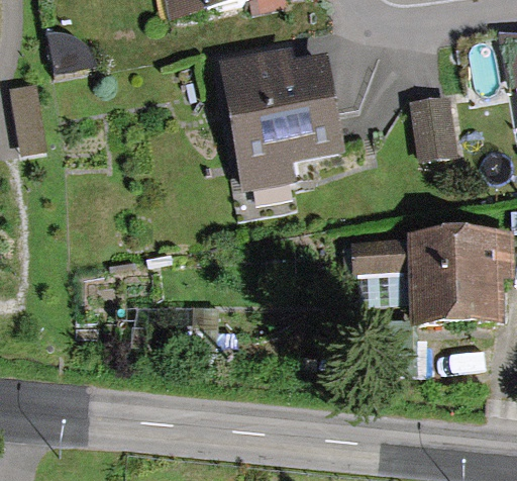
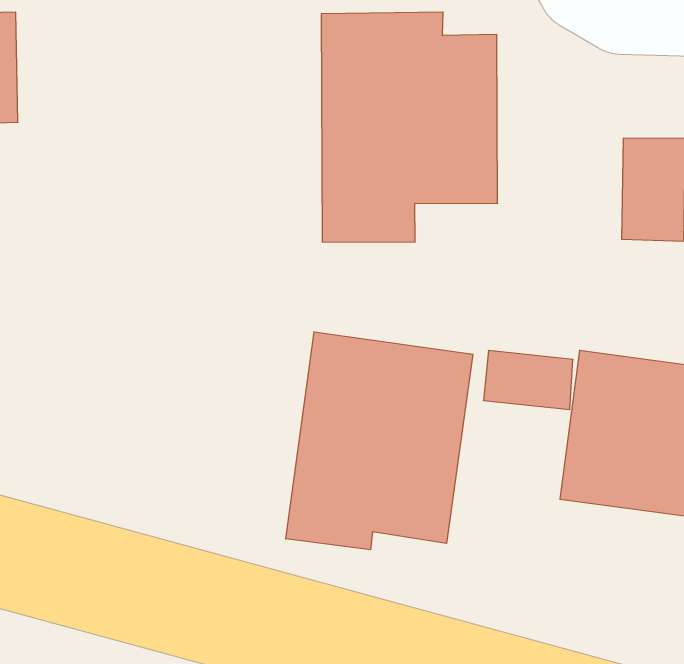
building: none -> [286,332,473,550]

